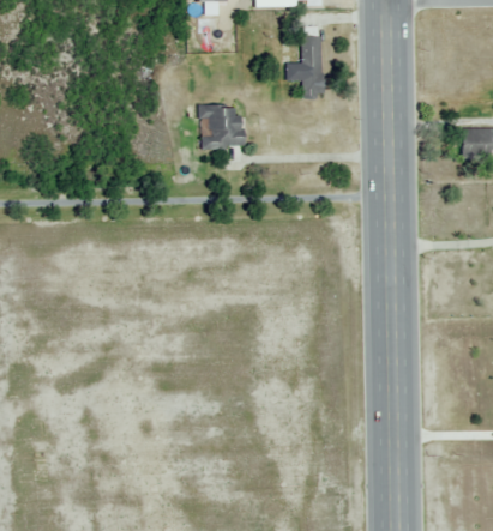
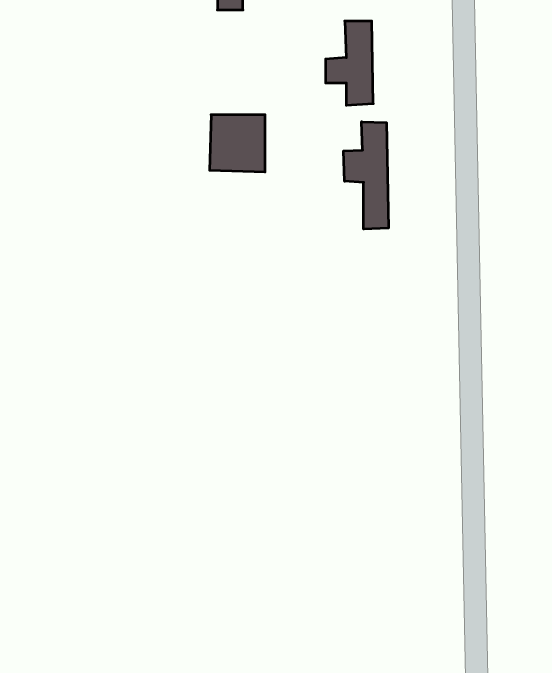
building: none -> [344,122,388,229]

